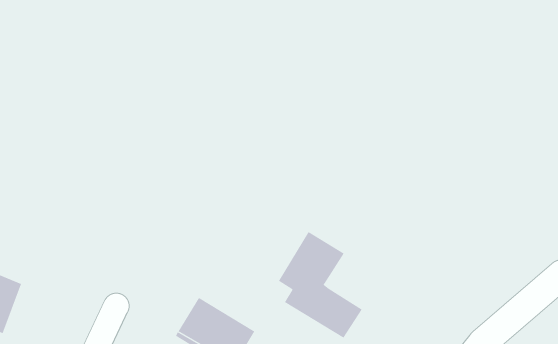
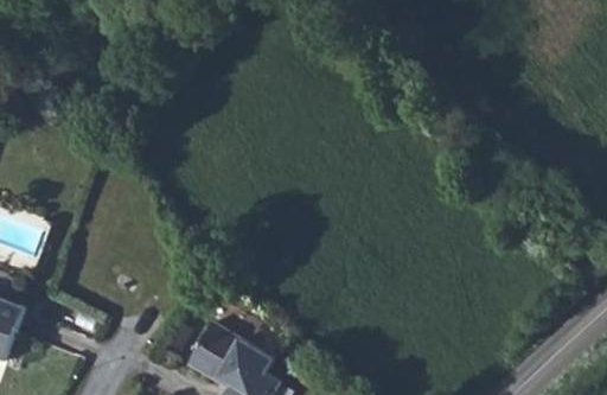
building: [278,231,362,339] -> none

